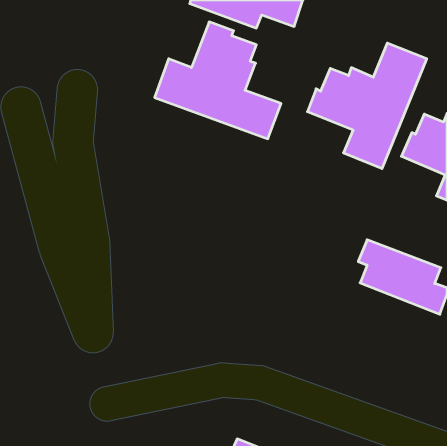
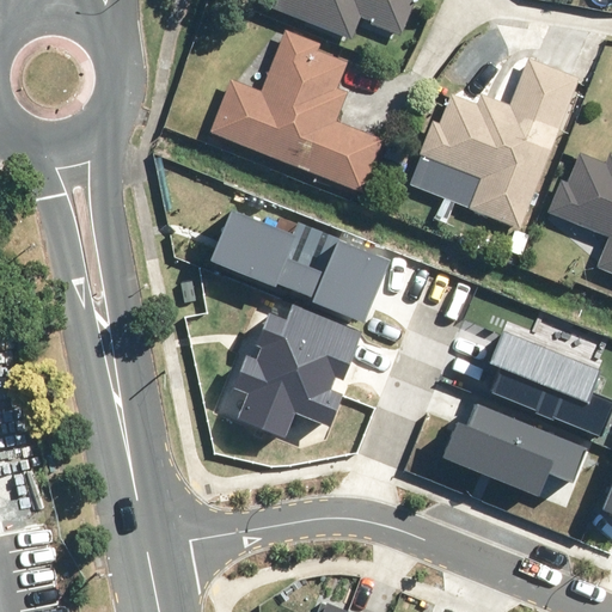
building: none -> [210,207,386,318]
building: none -> [231,300,360,434]
building: none -> [442,402,583,492]

